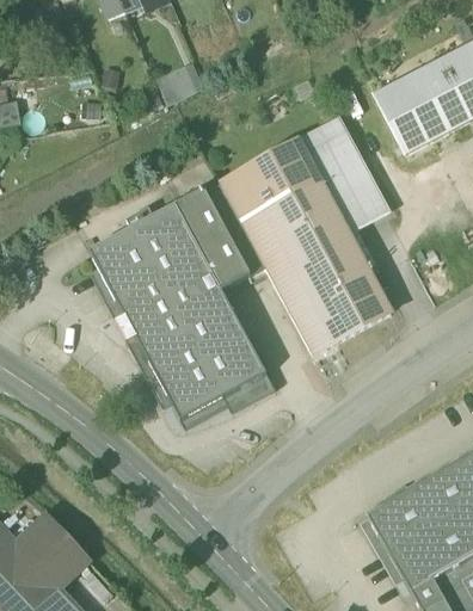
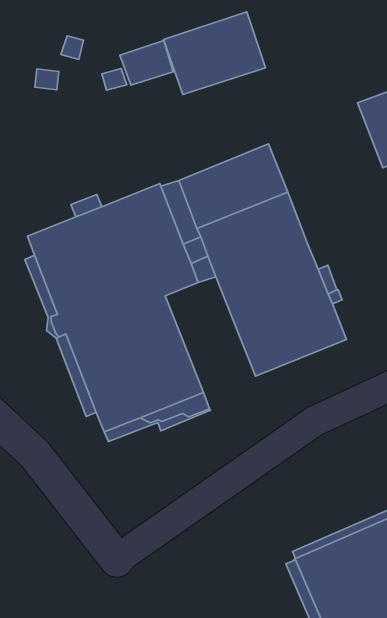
building: none -> [163,12,265,95]
building: [300,123,385,230] -> none

